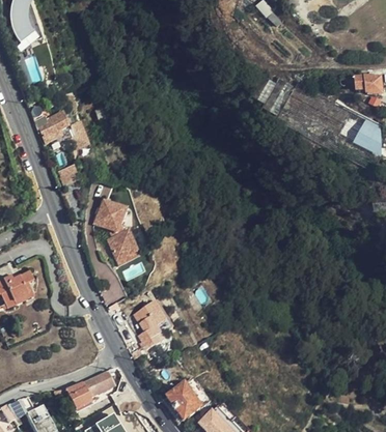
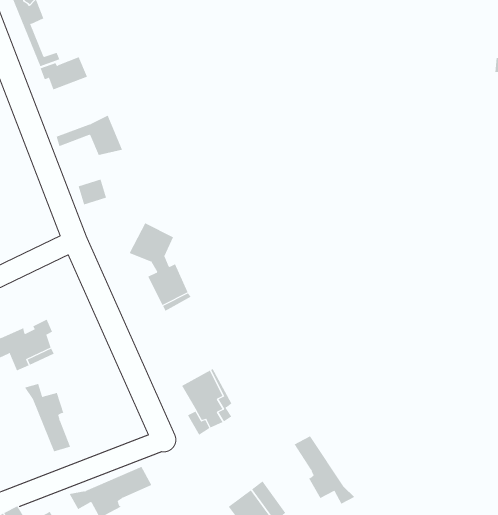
building: [33,113,67,137] -> [40,57,88,90]
building: none -> [24,383,71,452]
building: none -> [294,436,355,504]

